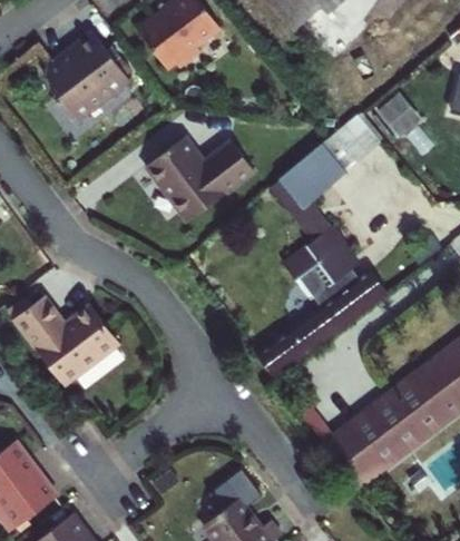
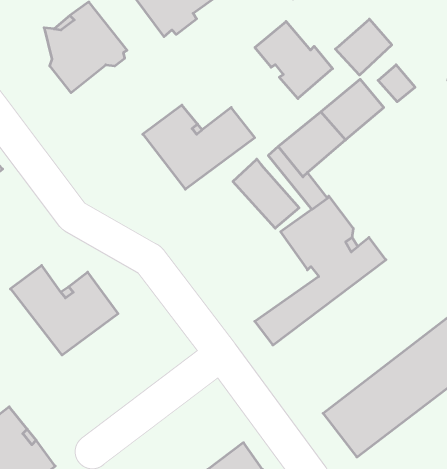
building: none -> [335,19,392,75]
building: none -> [255,21,333,99]
building: none -> [233,159,299,228]

